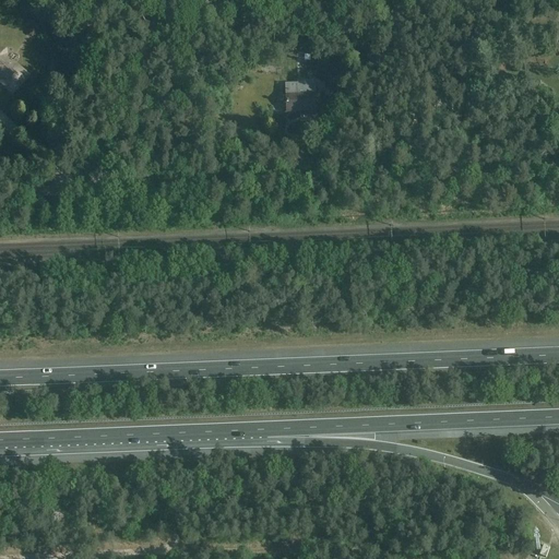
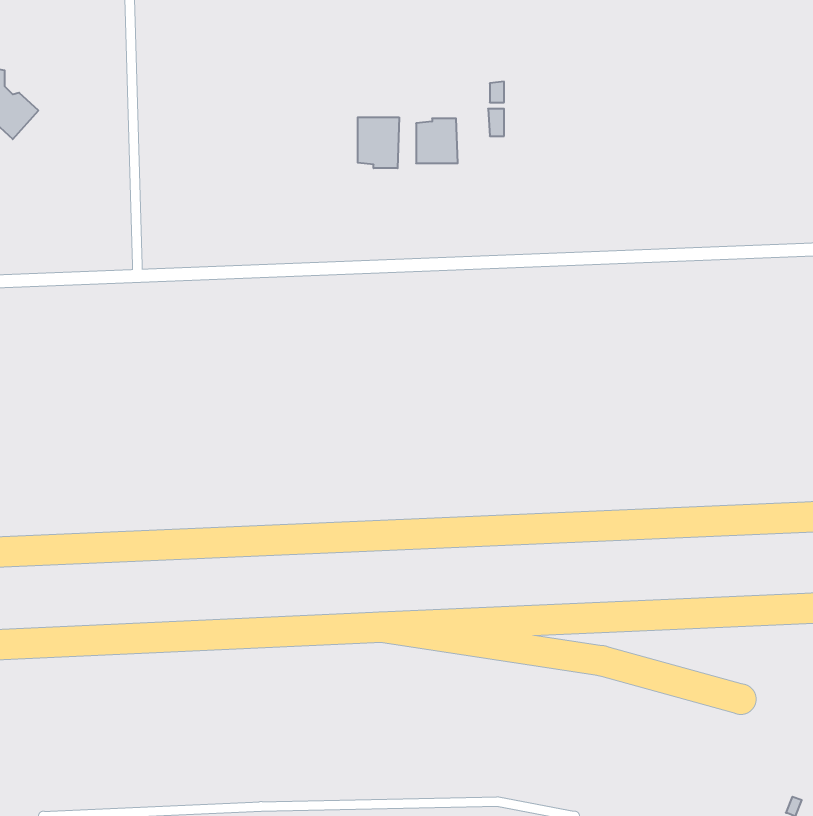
building: none -> [358,117,399,168]

